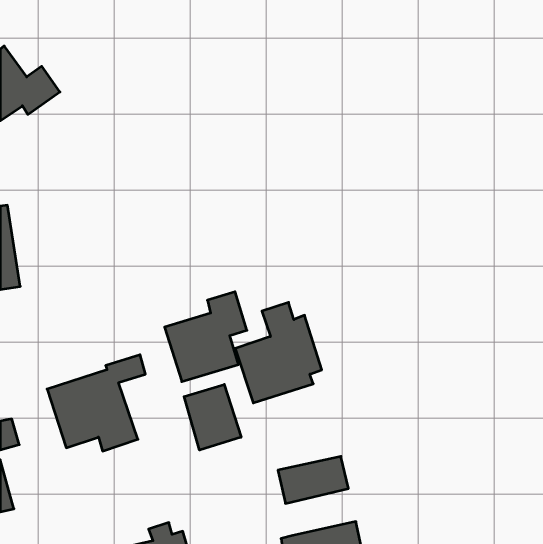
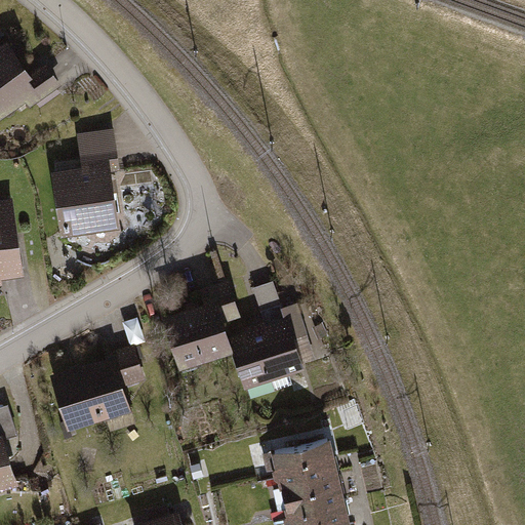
building: none -> [50,131,119,241]
building: [184,384,241,450] -> none
building: none -> [277,471,345,516]

